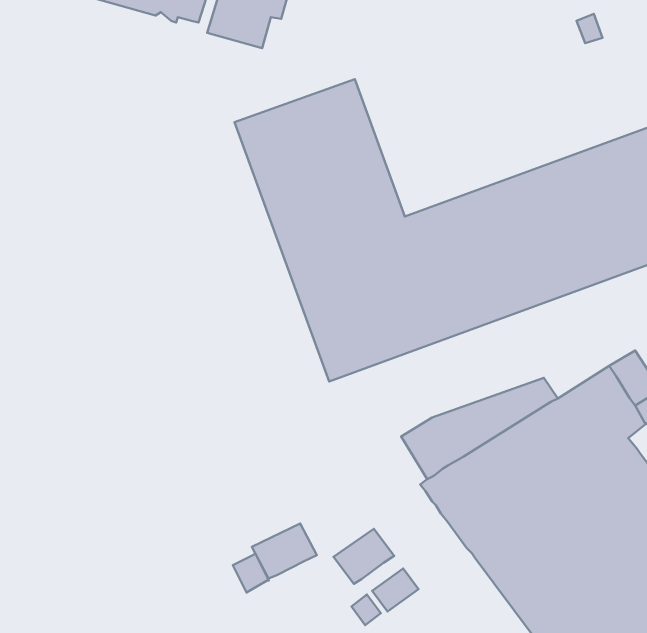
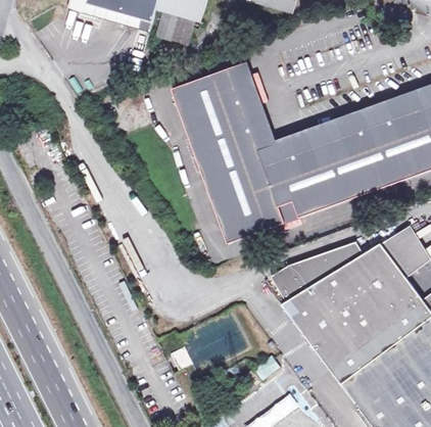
building: [252,523,317,578] -> none
building: [334,529,394,584] -> none

